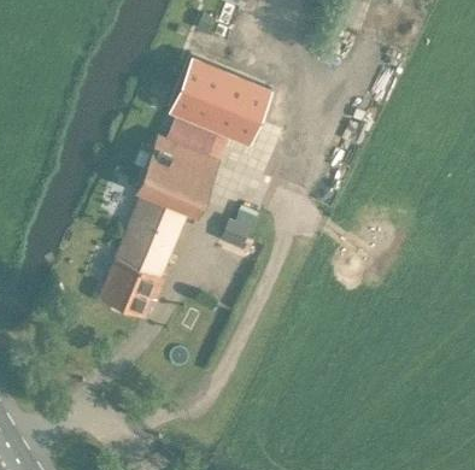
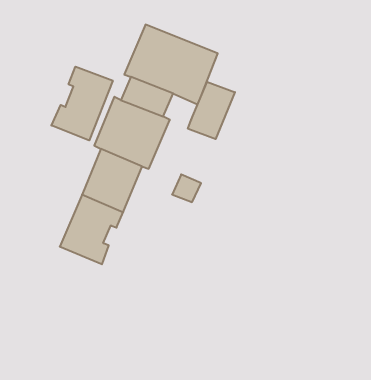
building: none -> [51,67,113,140]
building: none -> [188,82,235,139]

